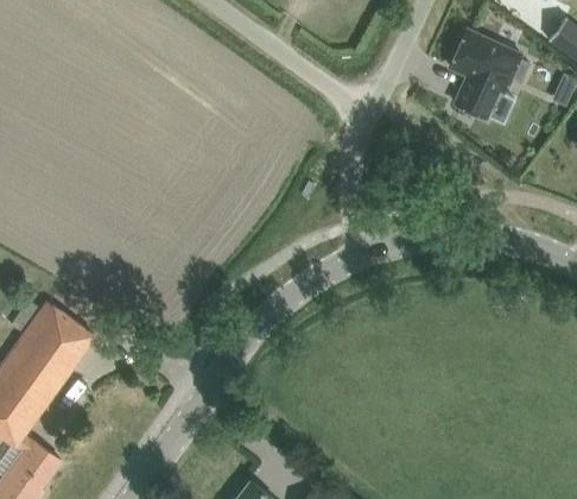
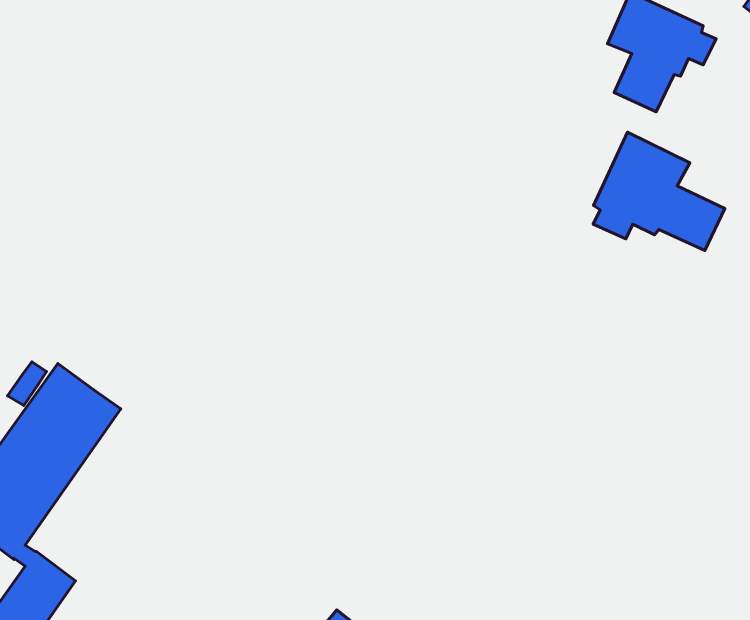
building: none -> [593,132,725,251]

